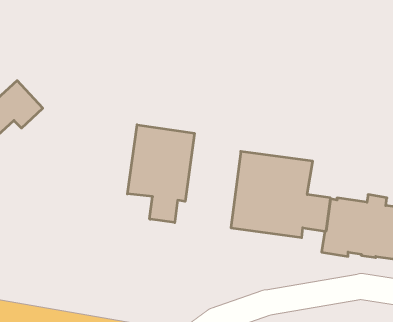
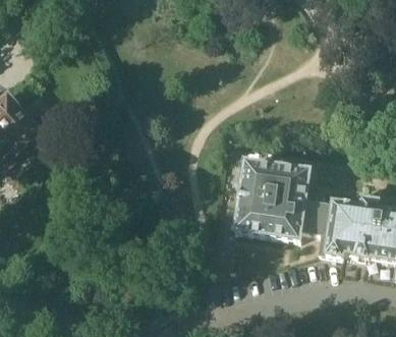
building: [127,125,194,223] -> none

